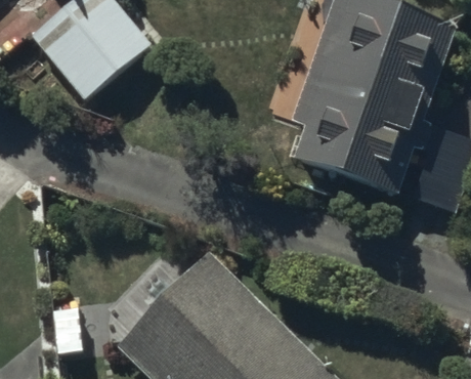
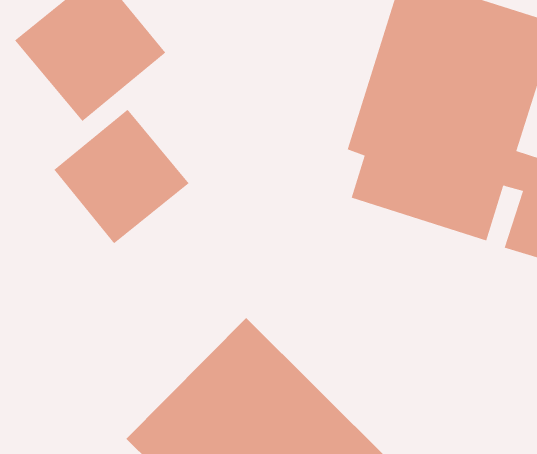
building: none -> [53,109,189,244]

